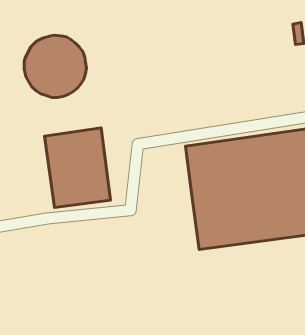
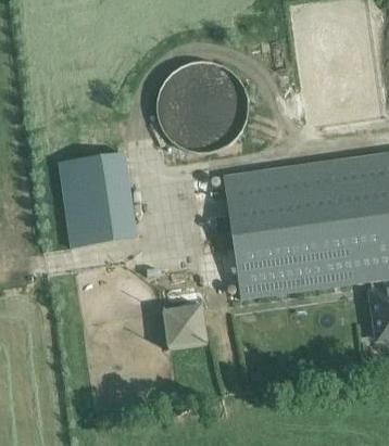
building: [24,35,87,97] -> [159,65,233,139]
building: none -> [165,305,208,345]

